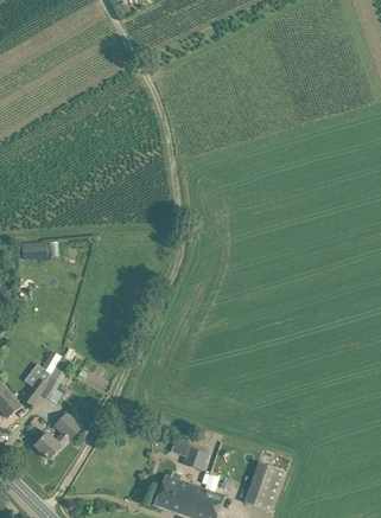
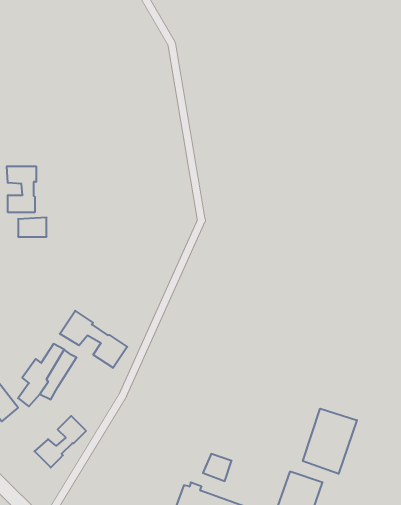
building: none -> [7,166,36,212]
building: none -> [60,311,127,368]
building: none -> [303,409,357,474]

